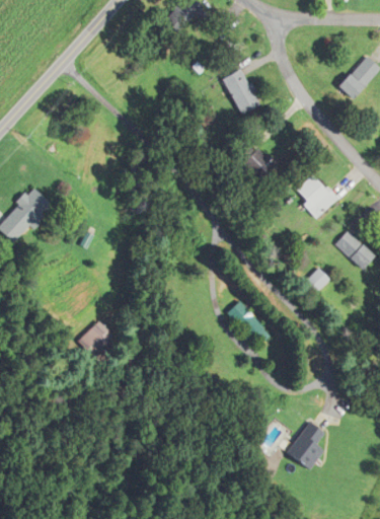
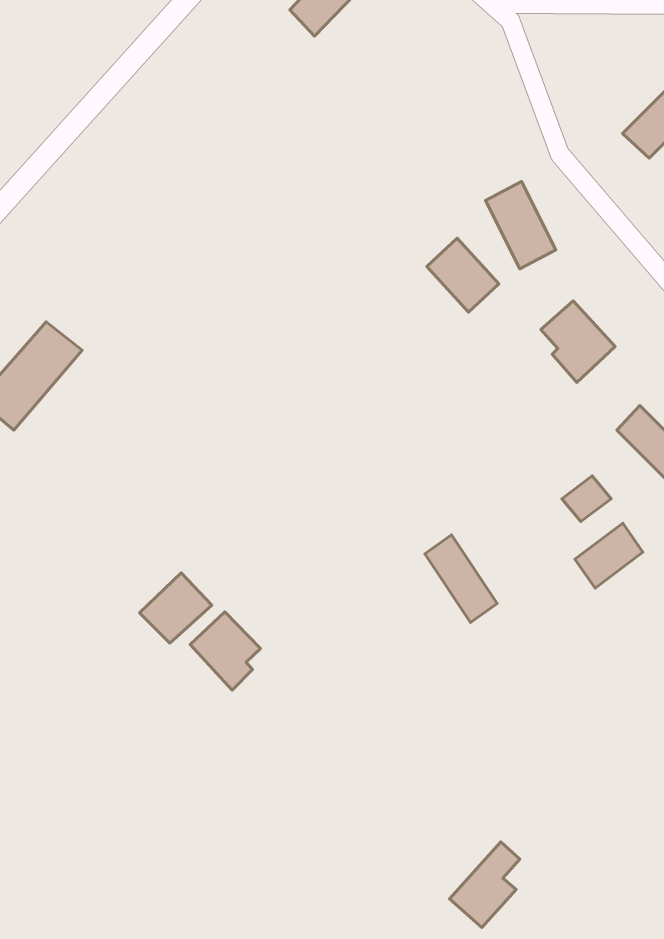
building: [220,67,257,114] -> [485,181,556,269]
building: none -> [575,523,643,588]
building: none -> [190,612,260,690]
building: [289,424,326,469] -> [449,842,520,928]

